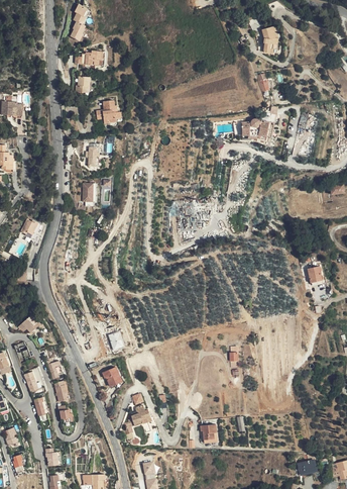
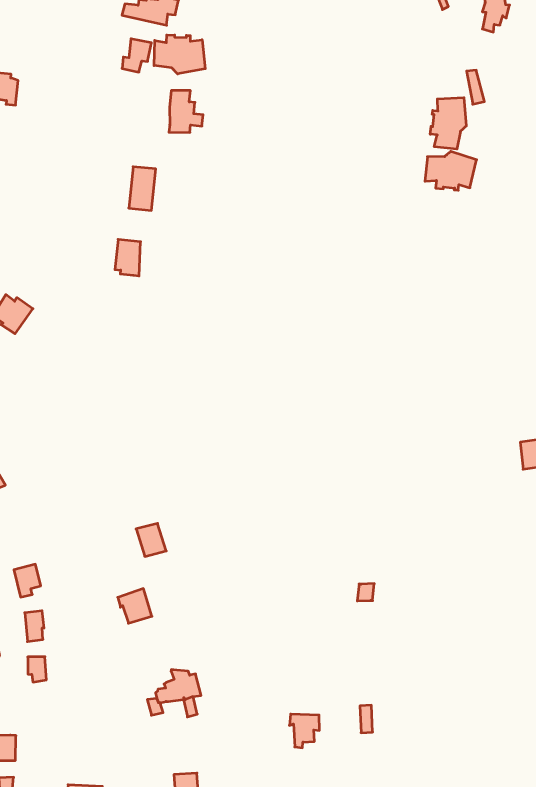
building: none -> [154,35,205,74]
building: none -> [430,98,466,149]

